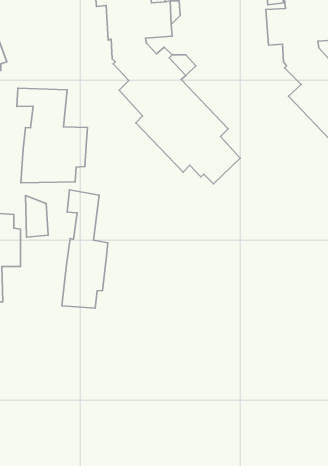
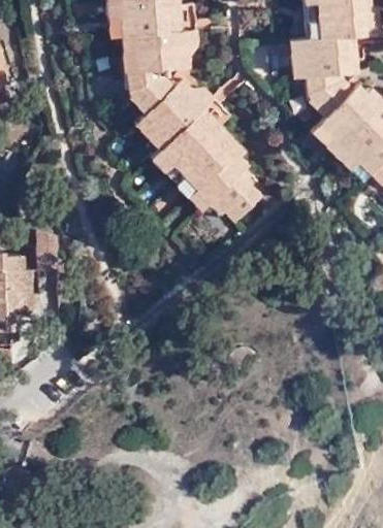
building: [17,88,87,183] -> none
building: [62,190,108,308] -> none

